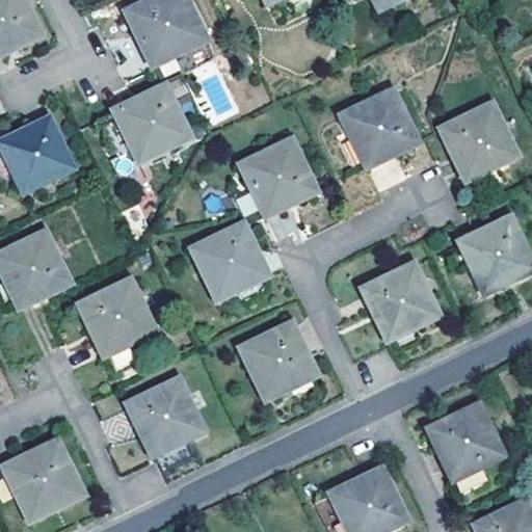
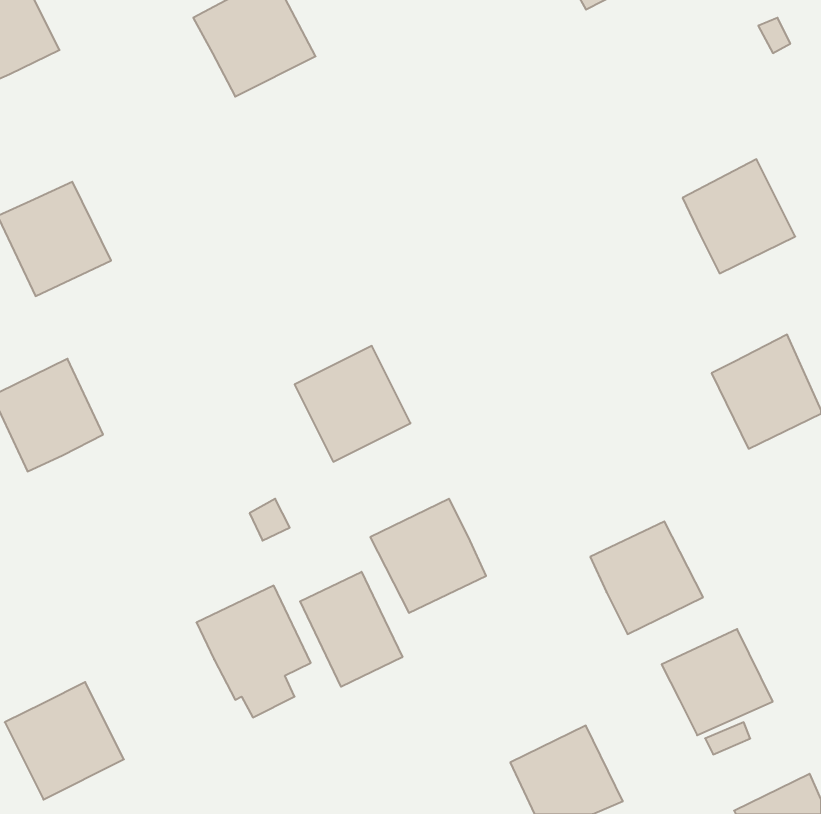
building: [114,85,189,158] -> none
building: [340,89,415,164] -> none
building: [240,139,314,213] -> none
building: [363,265,435,338] -> [590,521,703,634]
building: [79,280,152,370] -> none
building: none -> [300,572,402,687]

